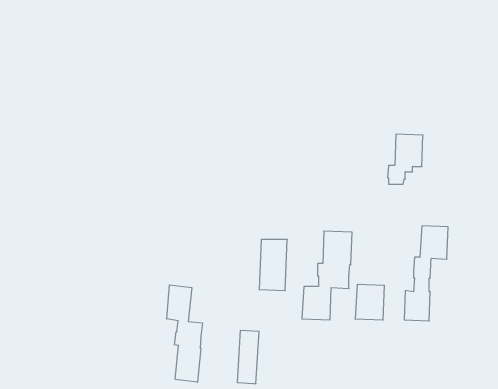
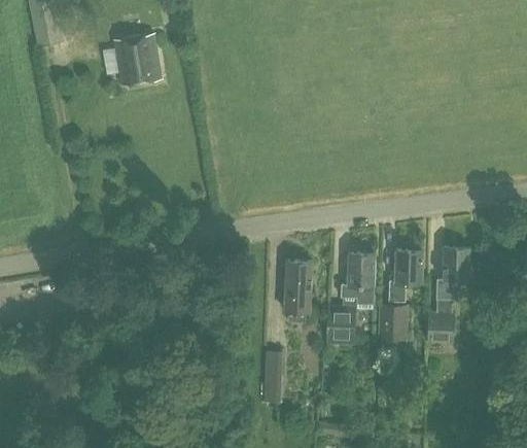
building: none -> [114,35,162,85]
building: [388,134,423,184] -> [387,251,422,301]
building: [167,285,202,382] -> none

